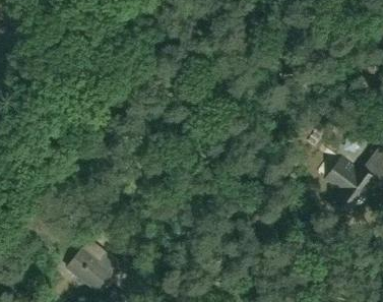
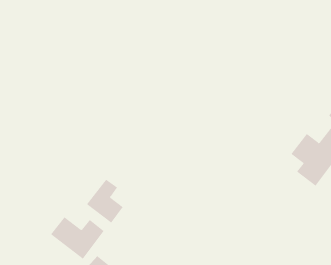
building: none -> [86,179,124,224]

